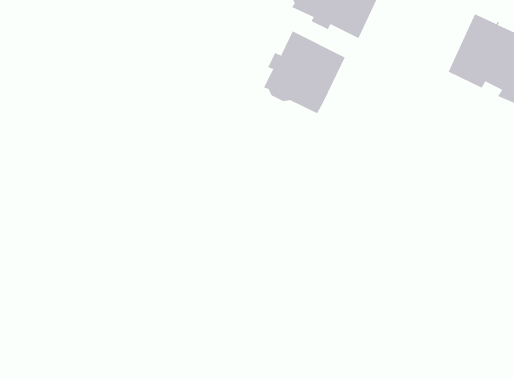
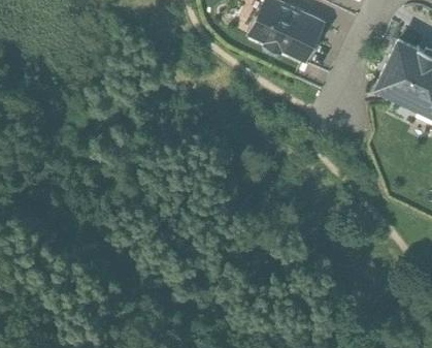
building: [263,31,346,114] -> none

